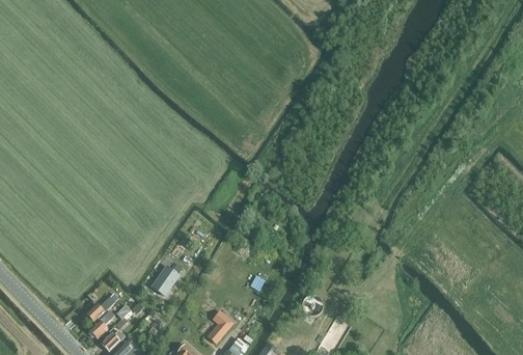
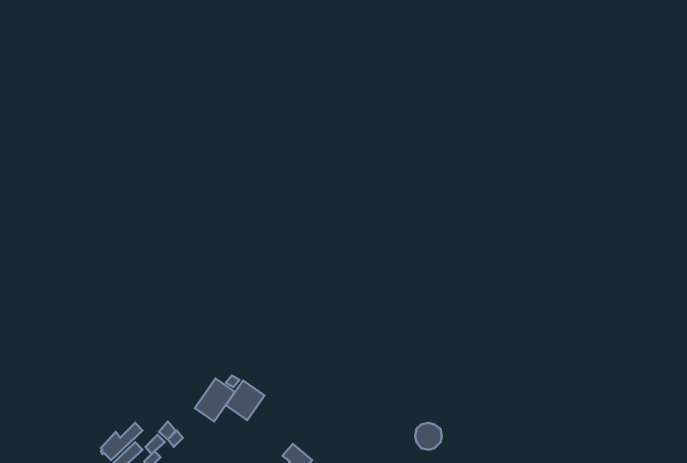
building: none -> [226,381,264,420]

